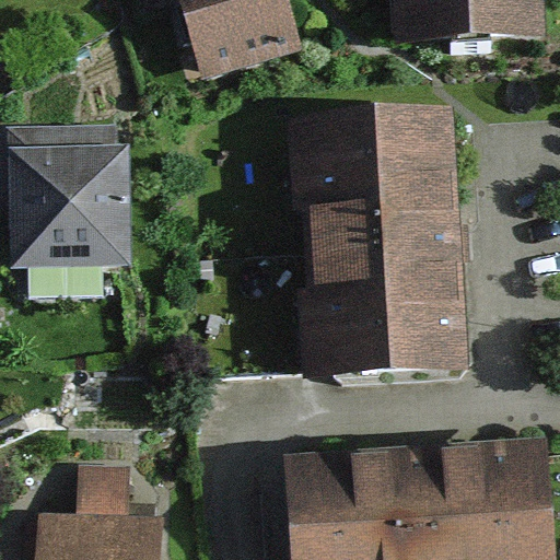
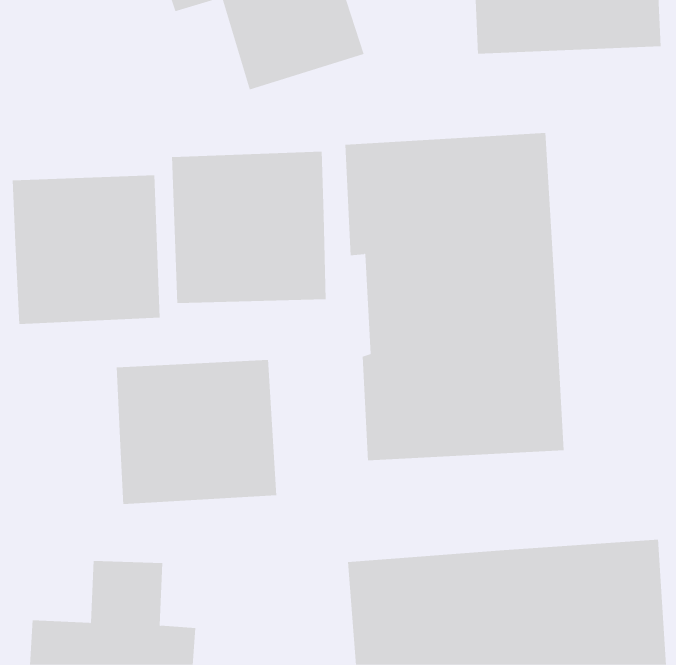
building: none -> [171,151,326,304]
building: none -> [116,359,277,505]

